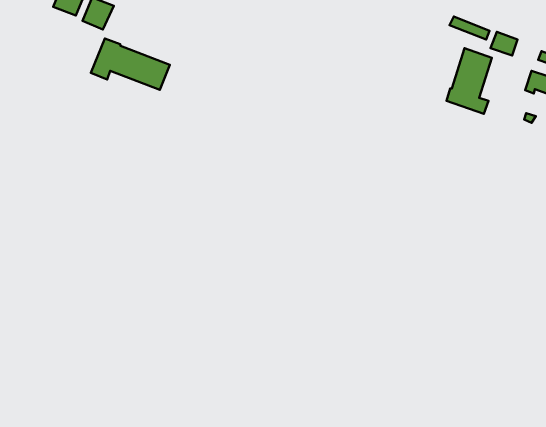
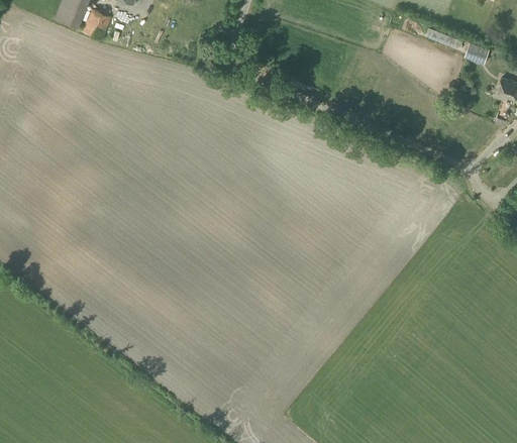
building: [91,39,170,90] -> none
building: [446,48,492,114] -> none

